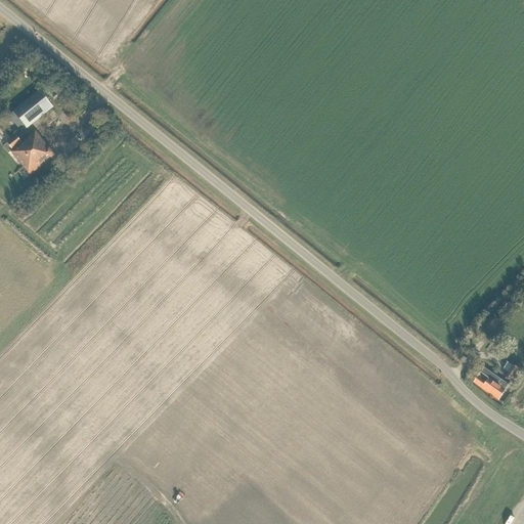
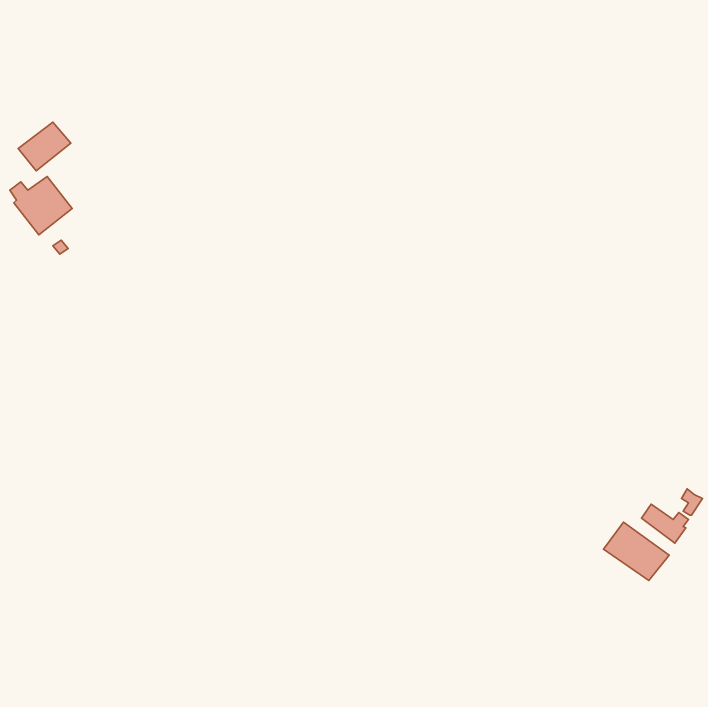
building: none -> [603,522,669,581]

